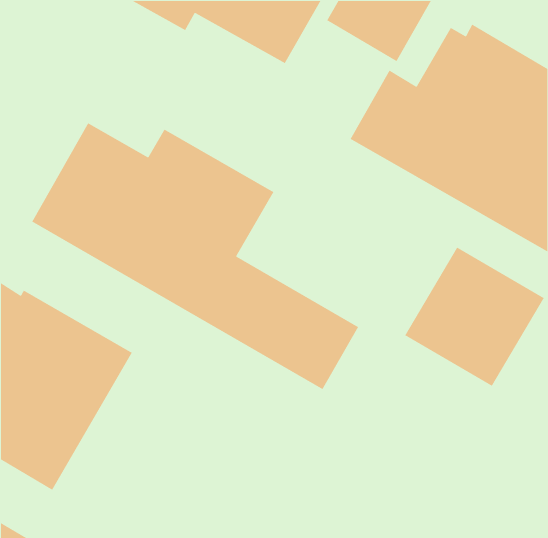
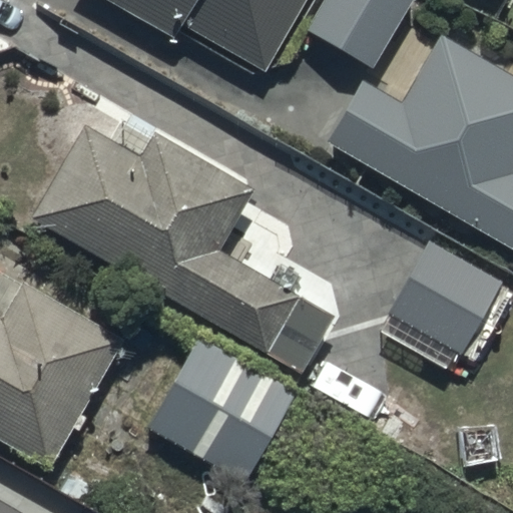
building: none -> [151,341,298,484]

